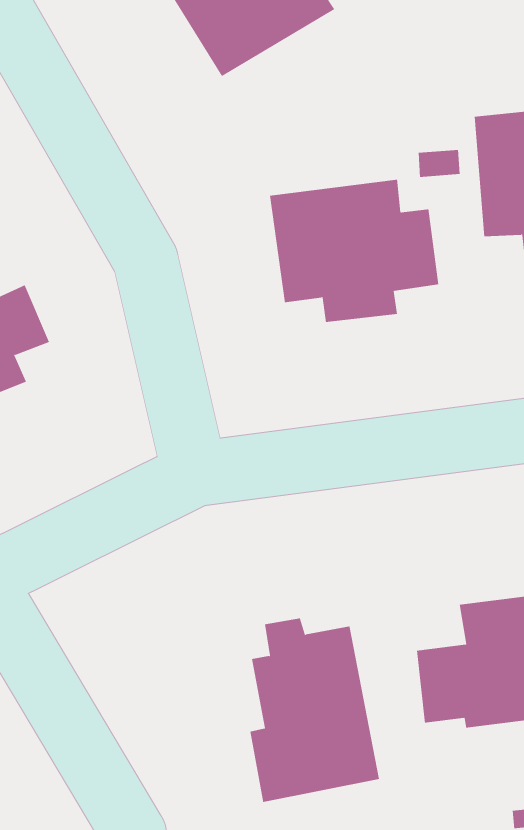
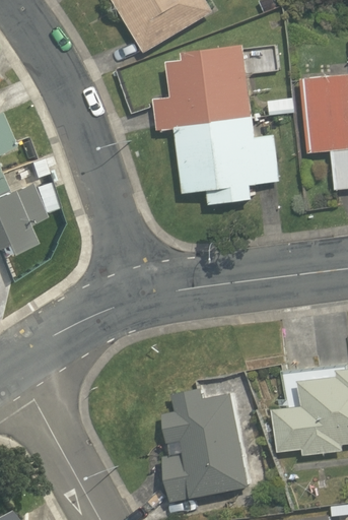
building: none -> [158,44,259,129]

